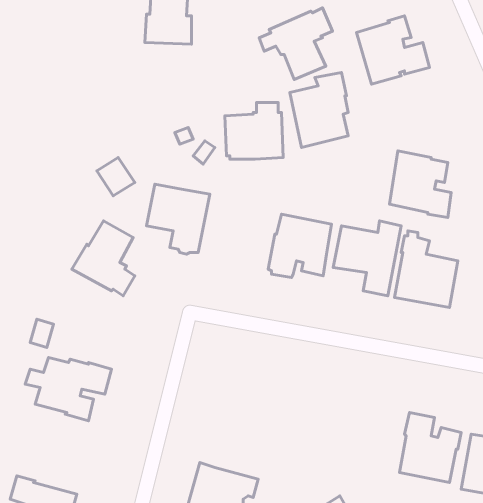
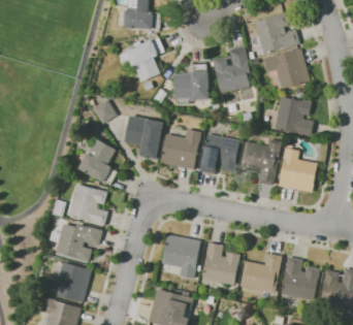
building: [259,8,332,80] -> [119,37,164,82]
building: none -> [262,47,309,89]
building: none -> [159,128,201,169]
building: none -> [66,184,107,226]
building: none -> [161,234,199,279]
building: none -> [201,242,240,286]
building: none -> [239,253,282,293]
building: none -> [44,261,91,302]

